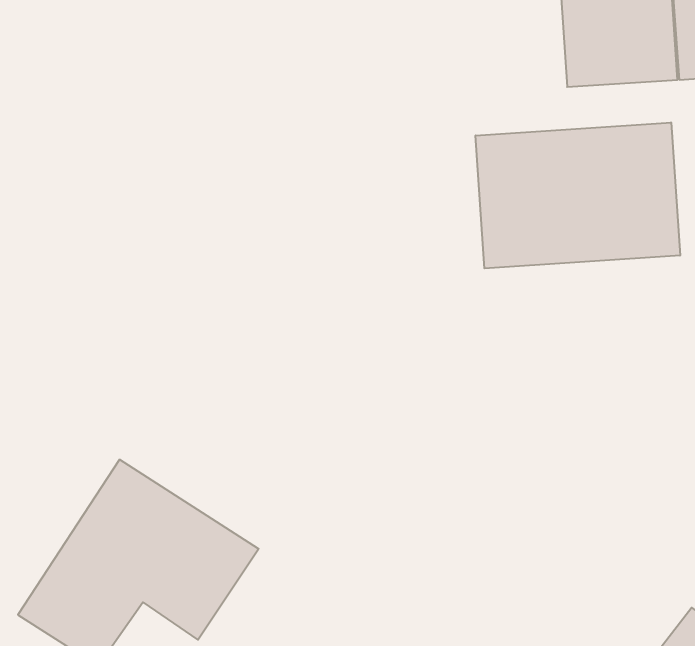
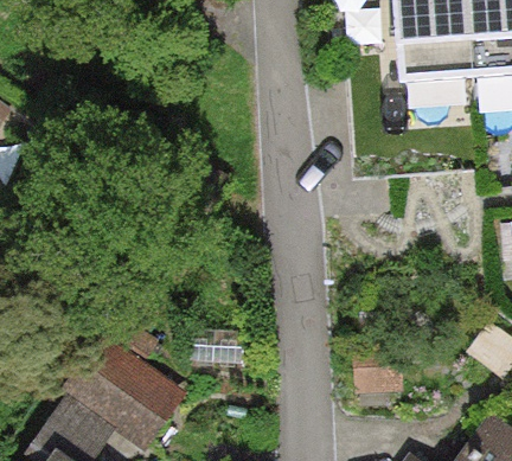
building: [476,122,680,268] -> none

